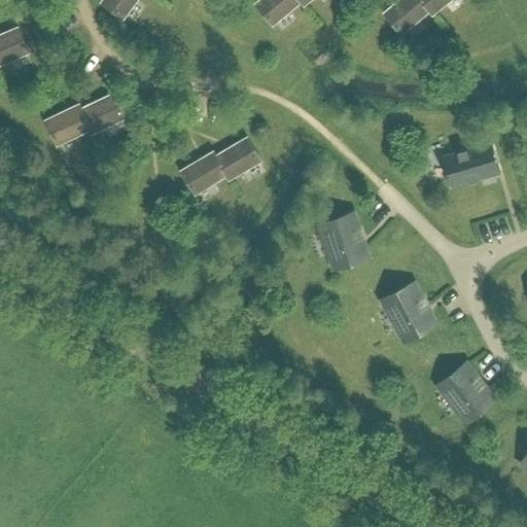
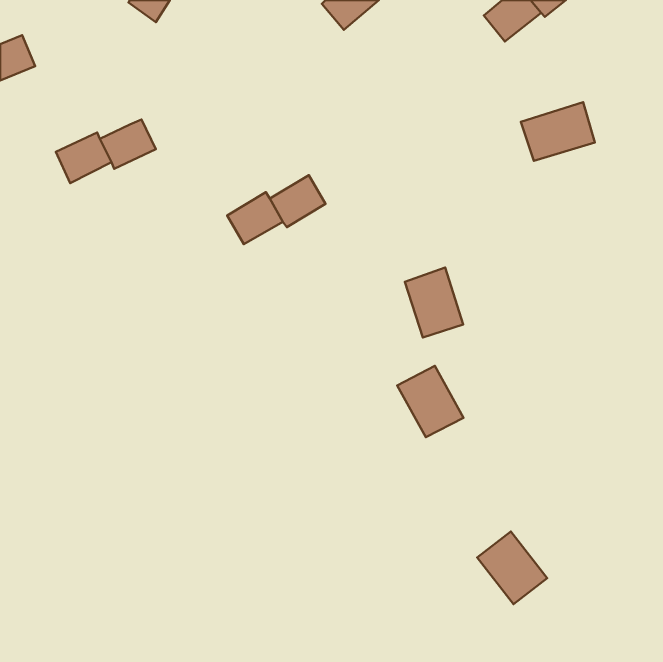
building: [442,142,500,188] -> [521,102,595,161]
building: [383,284,435,341] -> [397,366,463,437]
building: [438,364,494,422] -> [477,531,547,604]

